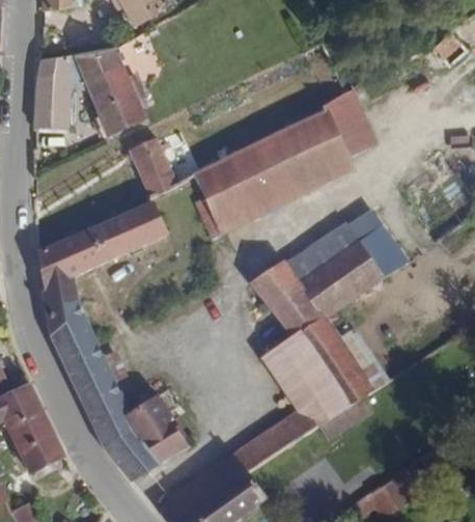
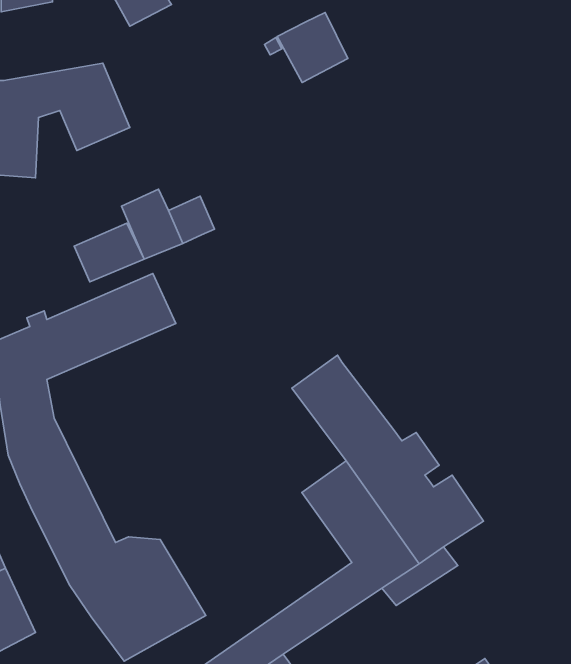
building: none -> [277,13,348,82]
building: [192,88,374,237] -> none
building: [96,93,147,136] -> [74,223,144,282]
building: [288,208,409,312] -> none

